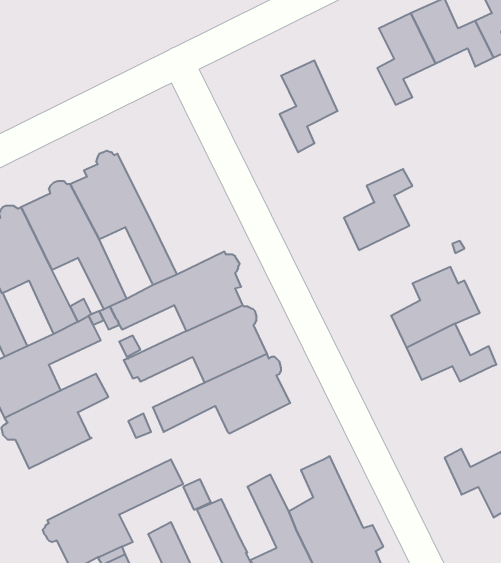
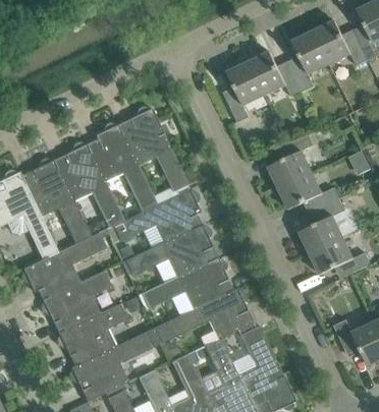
building: none -> [250,52,304,97]
building: none -> [118,107,188,191]
building: none -> [279,172,340,211]
building: none -> [154,288,256,344]
building: none -> [57,303,127,368]

